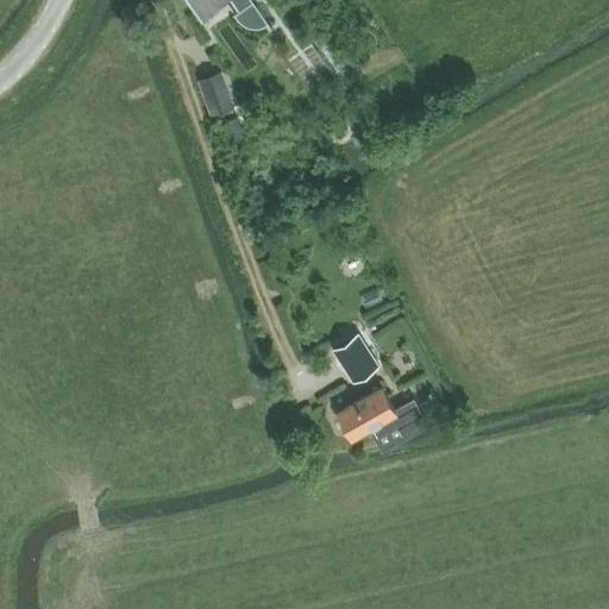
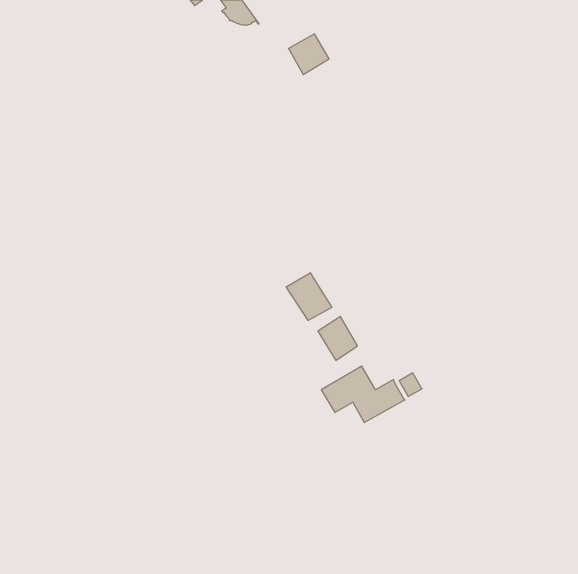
building: [196,73,234,119] -> none
building: none -> [286,273,332,320]

